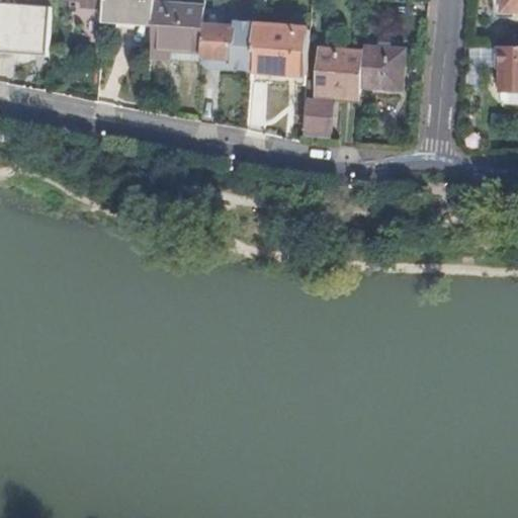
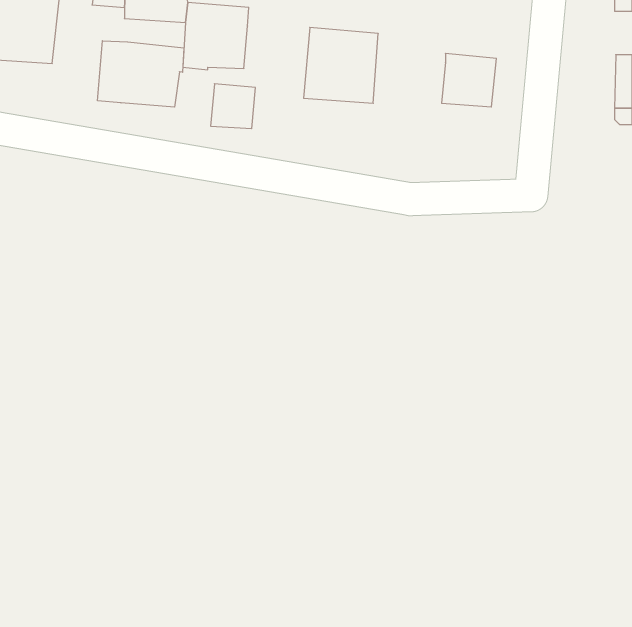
building: [198,21,235,58] -> [211,84,255,129]
building: none -> [98,41,184,107]
building: [305,48,362,130] -> none

